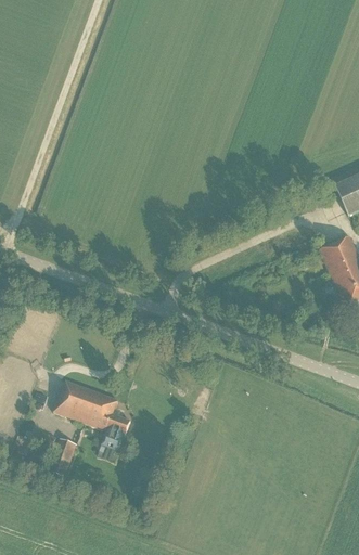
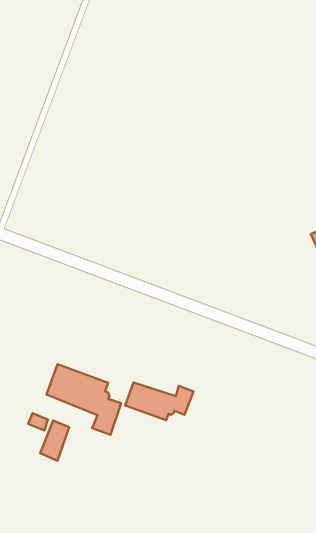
building: none -> [125,383,194,420]

